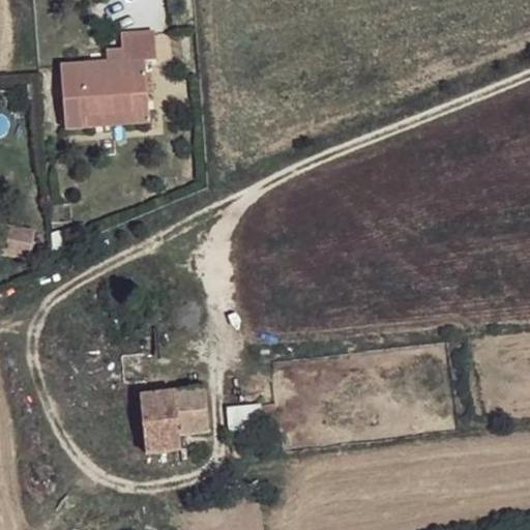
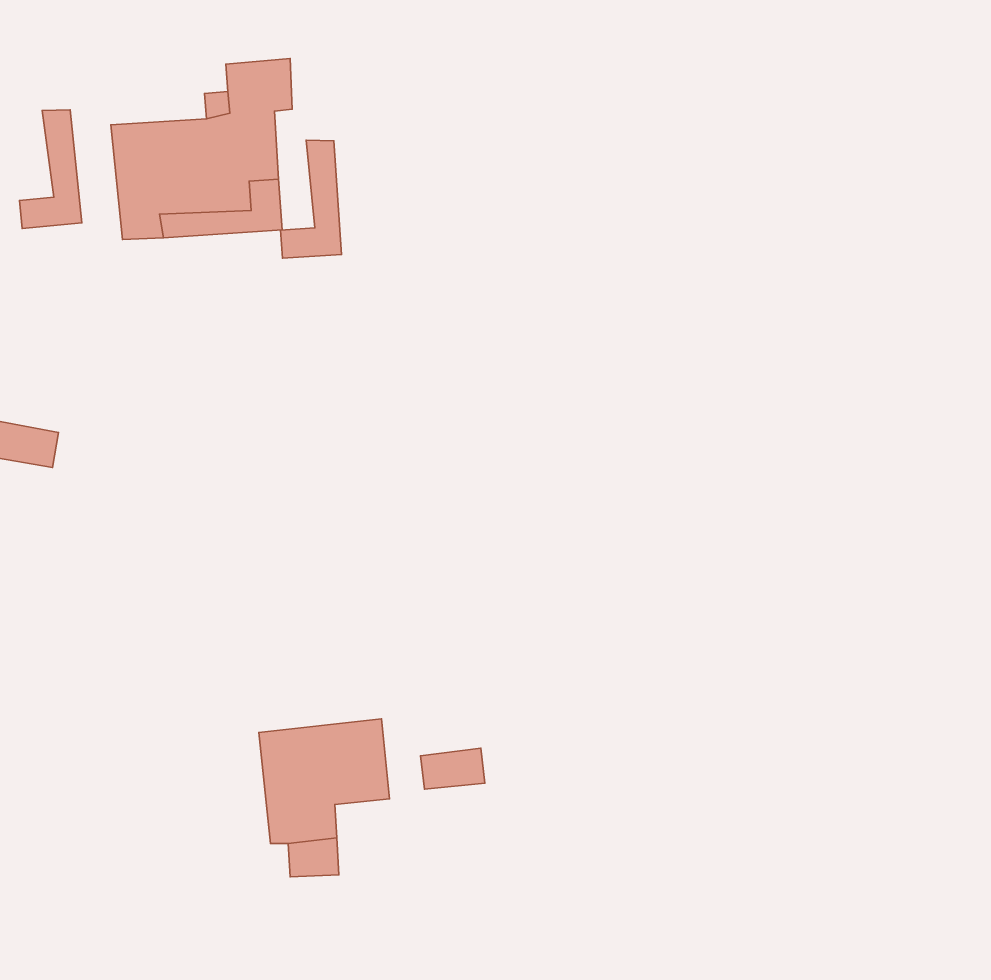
building: none -> [19,110,82,228]
building: none -> [281,140,342,258]

